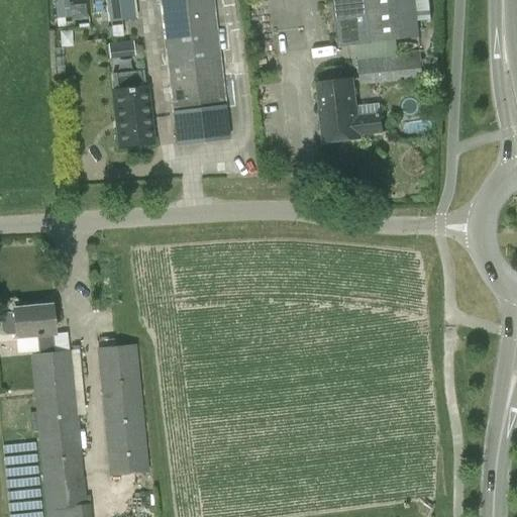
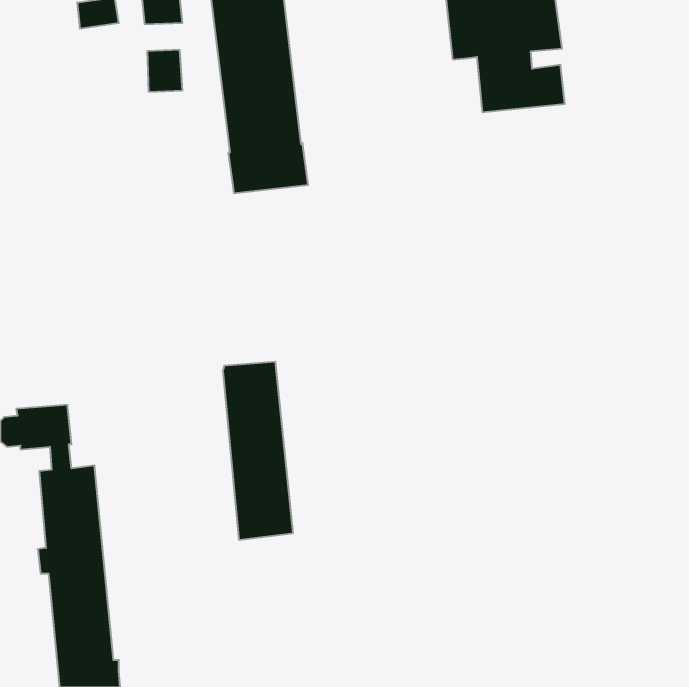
building: [113,69,152,145] -> none
building: [317,78,383,141] -> none
building: [97,342,149,476] -> [223,362,293,540]

